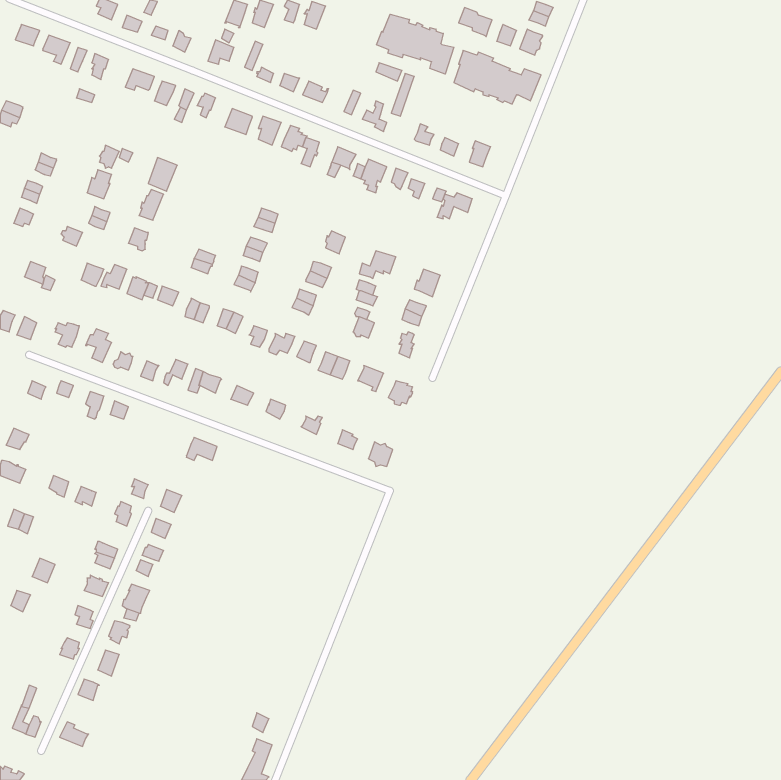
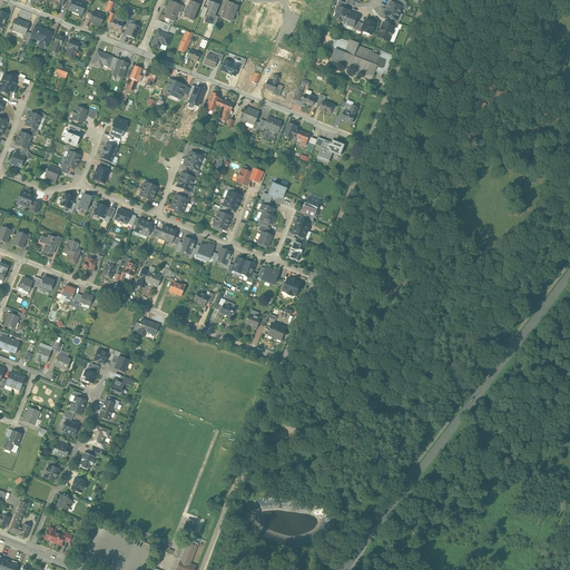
building: [376,14,454,74] -> none

